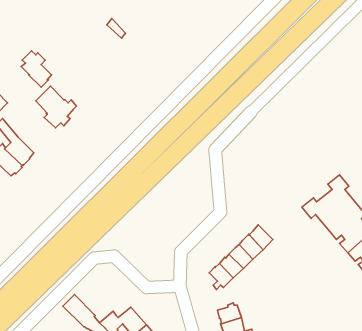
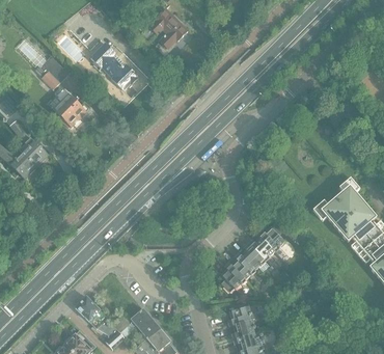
building: none -> [148,7,188,50]
building: none -> [90,44,137,89]

